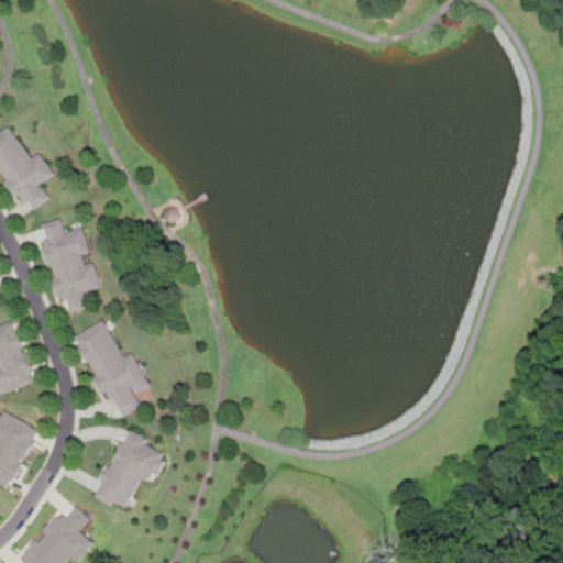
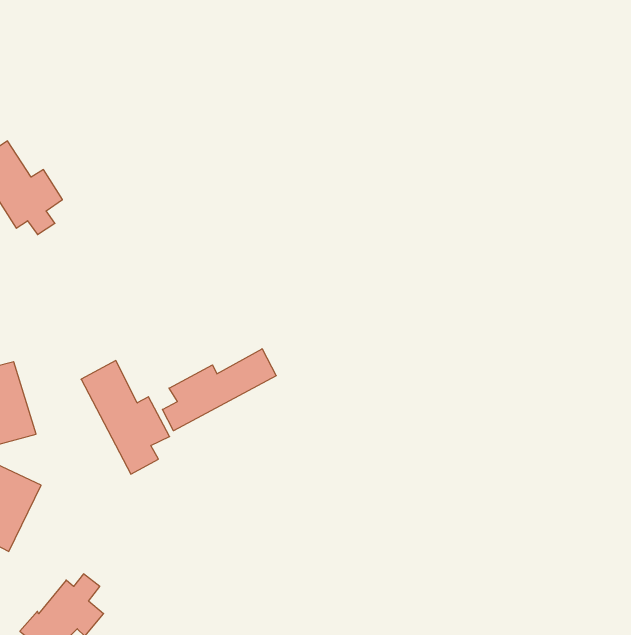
building: [38,219,99,312] -> none
building: none -> [162,349,276,431]
building: [92,431,167,511] -> none

